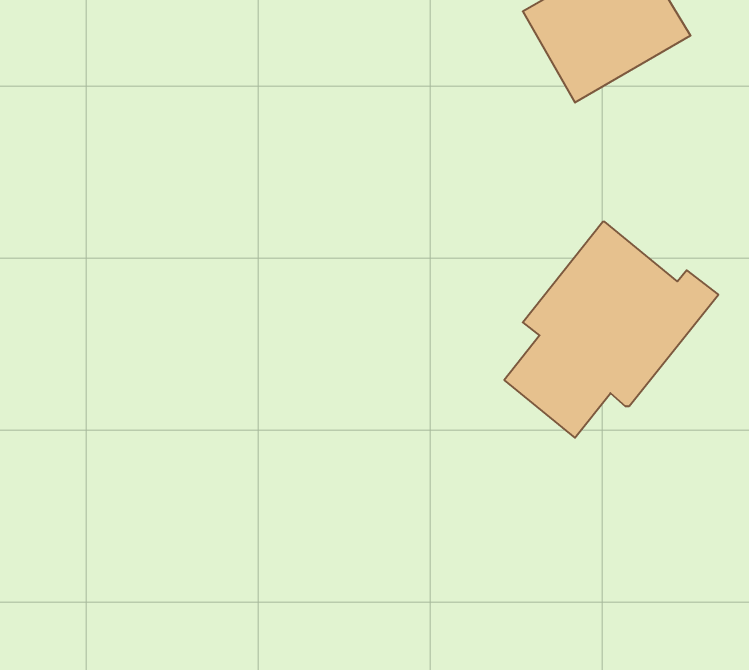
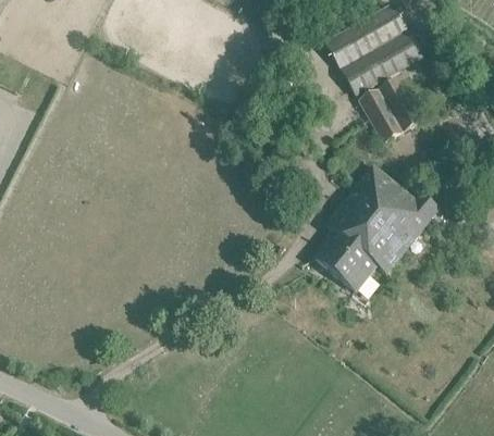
building: none -> [355,77,421,145]

